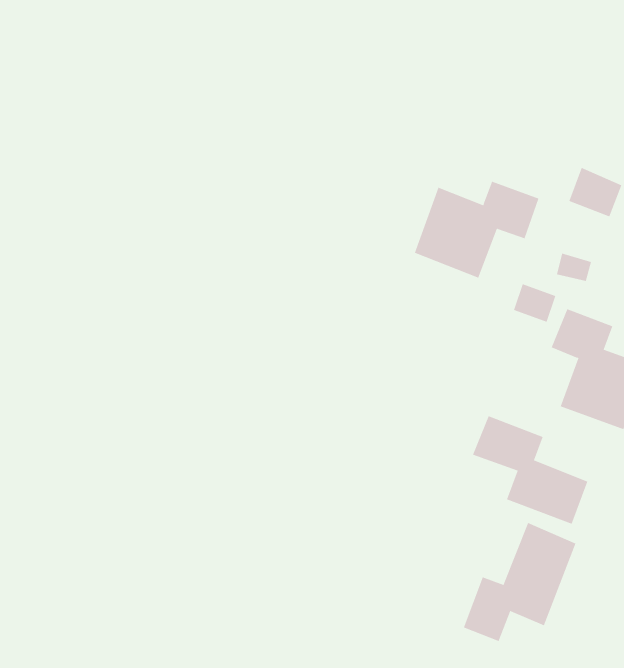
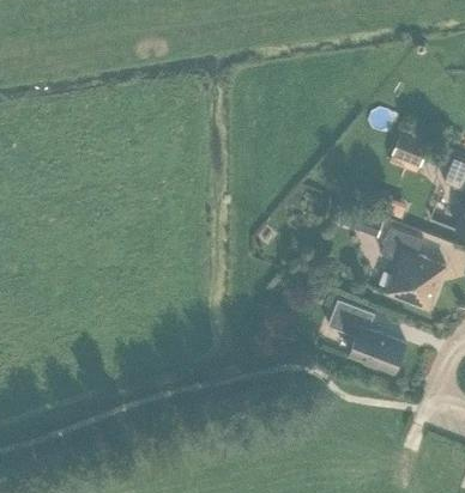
building: [414,181,539,278] -> none
building: [463,522,576,642] -> none

